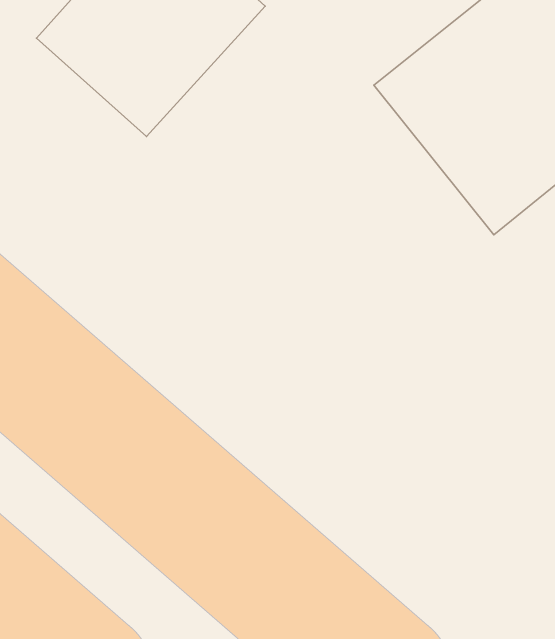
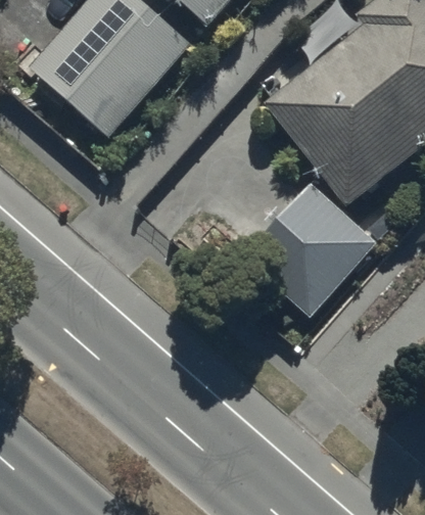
building: none -> [256,182,377,301]

